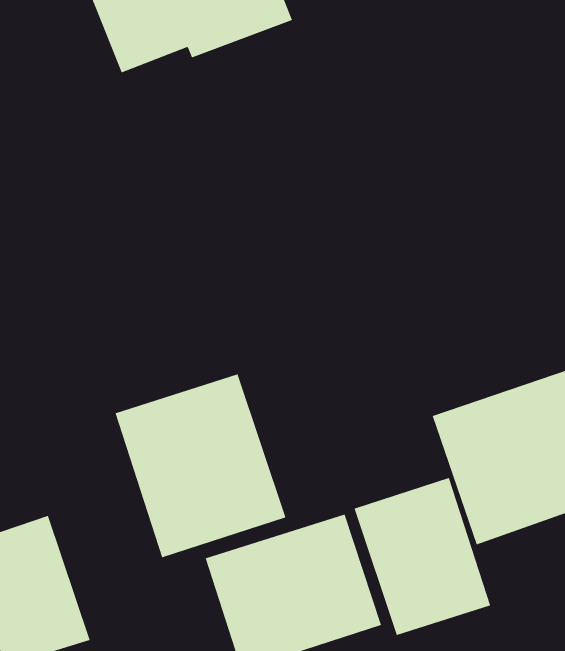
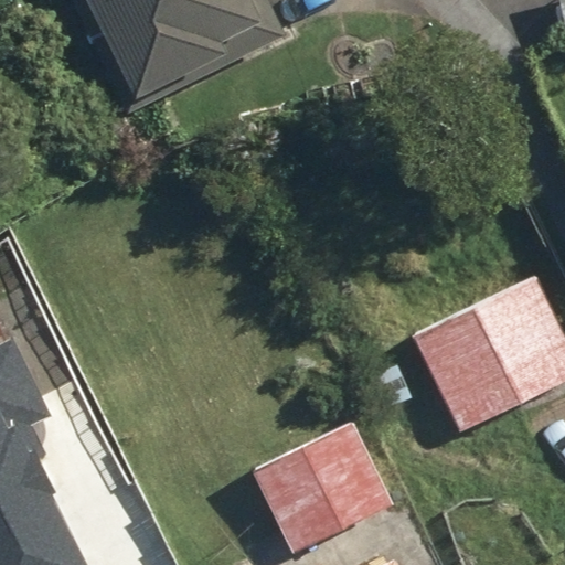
building: [115,374,286,558] -> none
building: [354,477,491,636] -> none

